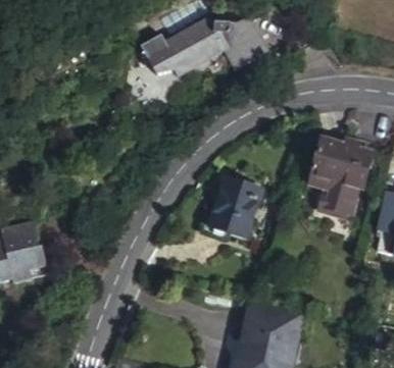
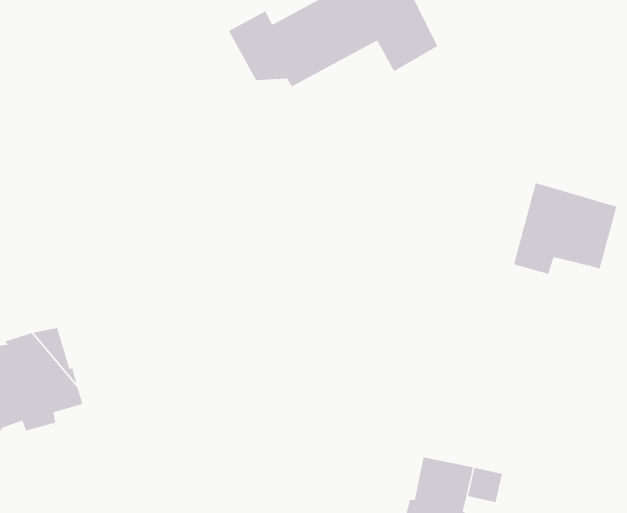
building: [208,173,260,234] -> none
building: [317,181,355,216] -> none

